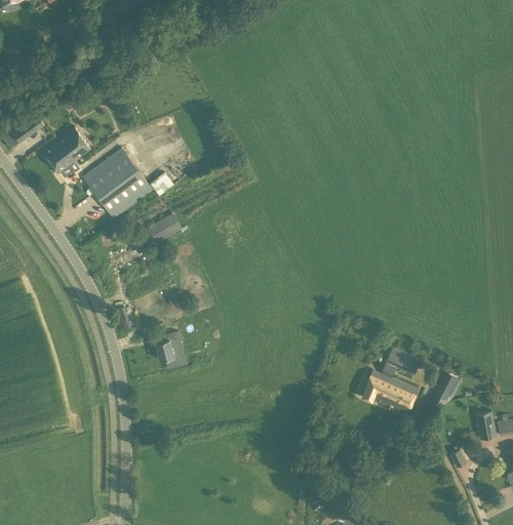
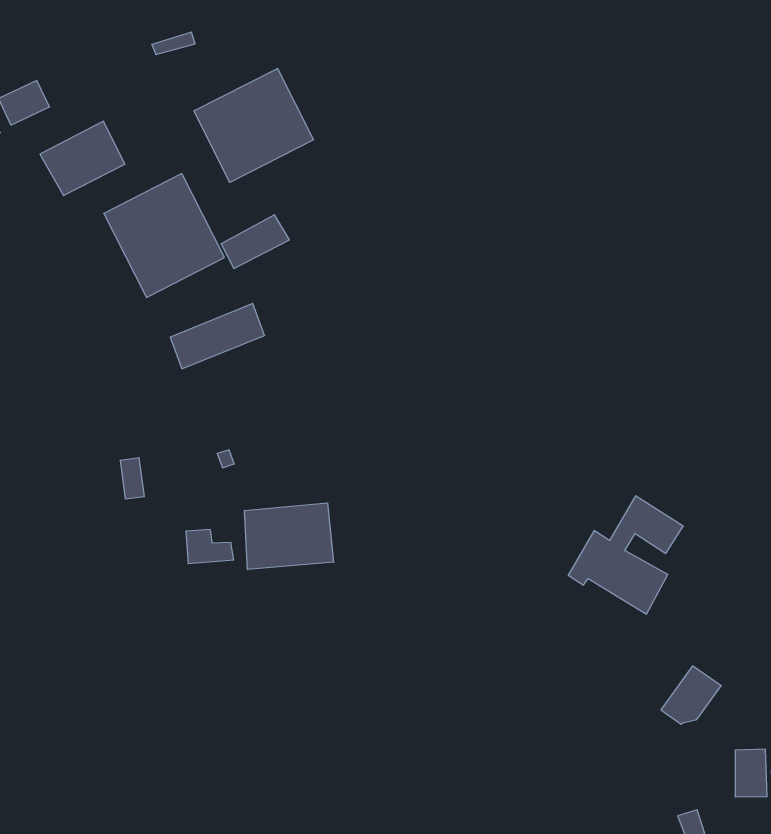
building: none -> [194,68,313,182]
building: none -> [245,503,334,570]
building: [362,347,421,410] -> [568,496,683,614]

